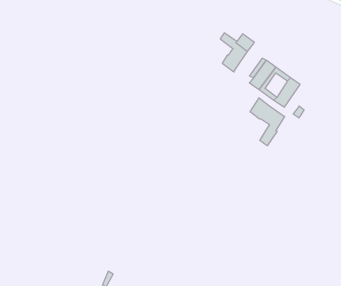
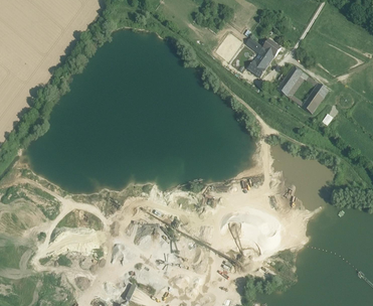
building: [250,98,285,146] -> none

